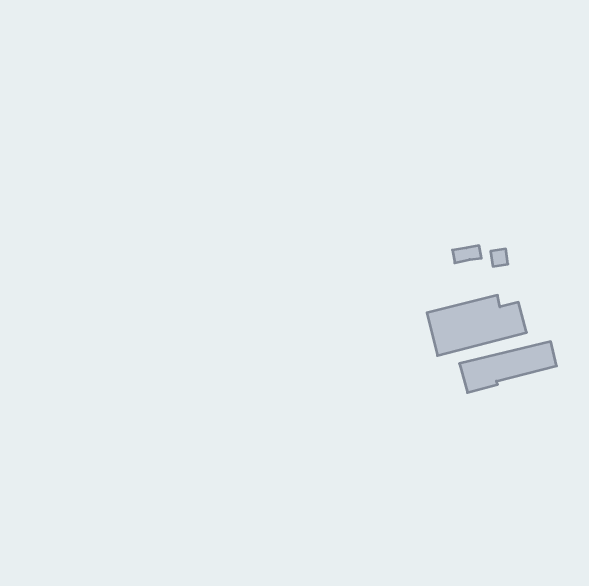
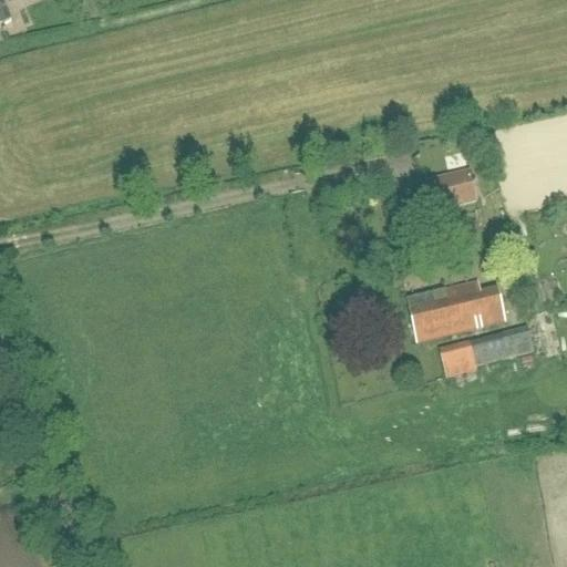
building: none -> [425,168,475,209]

